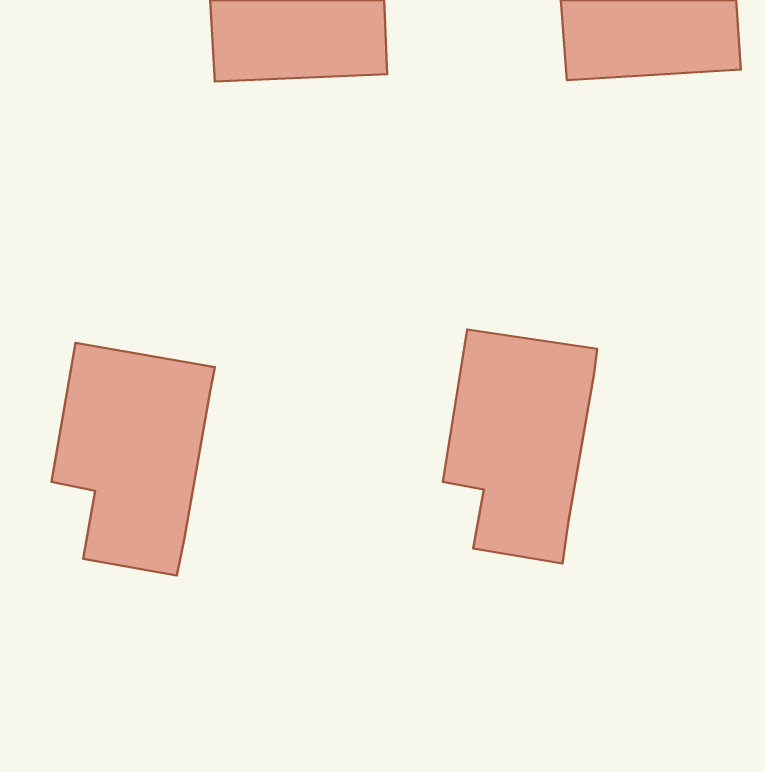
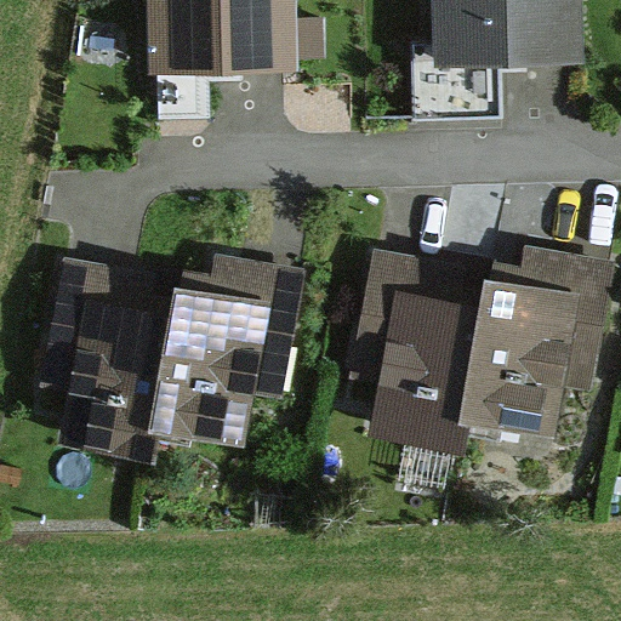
building: none -> [456,260,599,433]
building: none -> [148,267,287,446]

